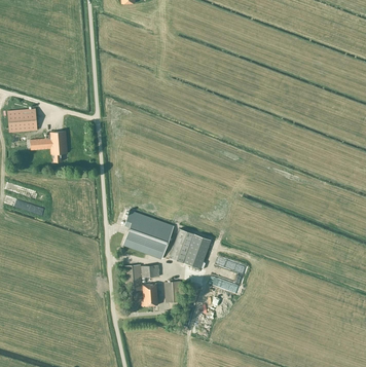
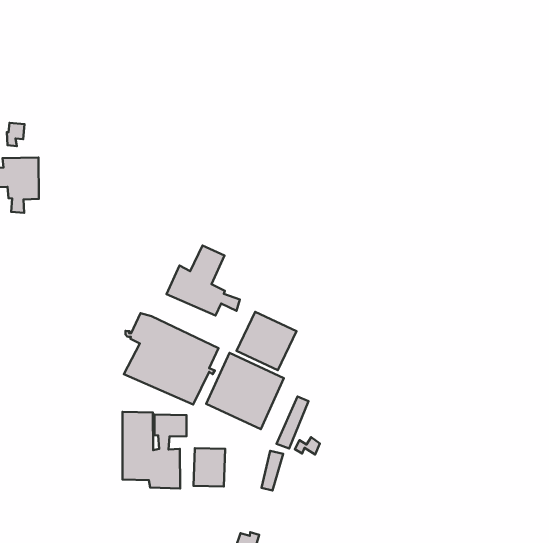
building: none -> [166,246,240,316]
building: none -> [236,312,296,370]

